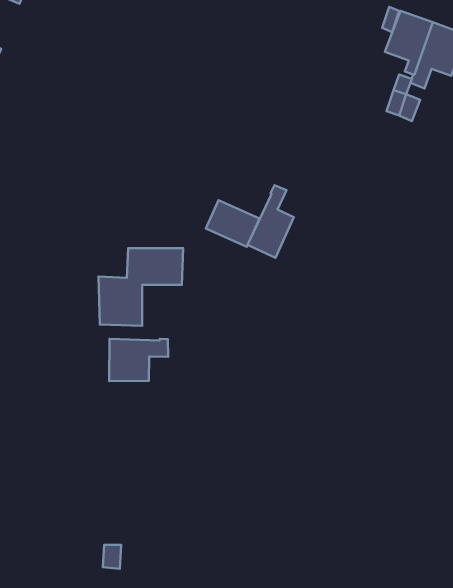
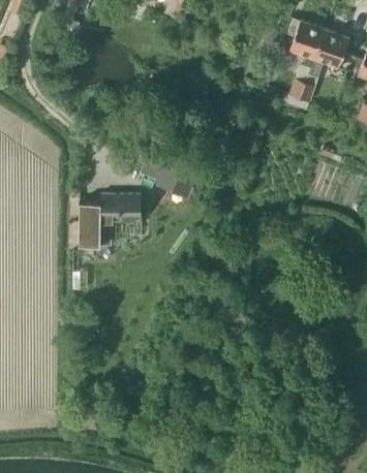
building: [247,185,294,258] -> none
building: [109,339,168,381] -> none

